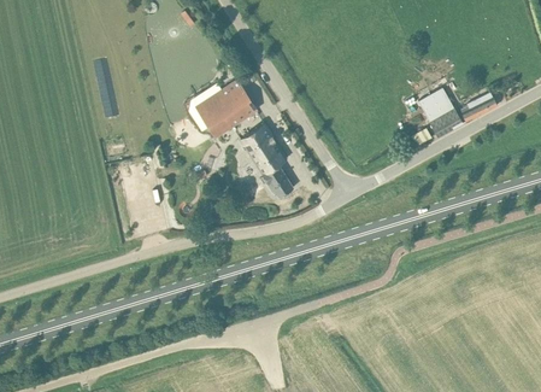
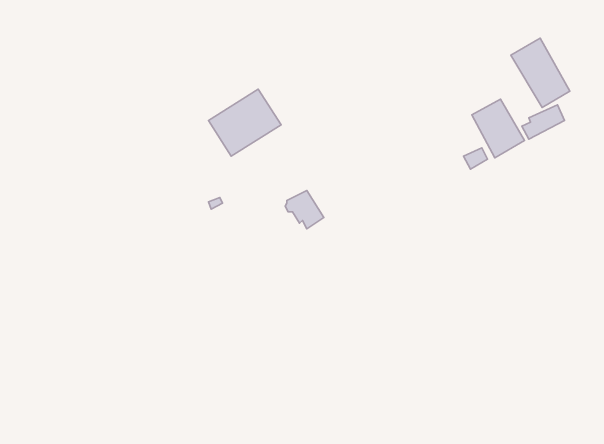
building: none -> [511,38,570,108]
building: [239,125,286,175] -> none

